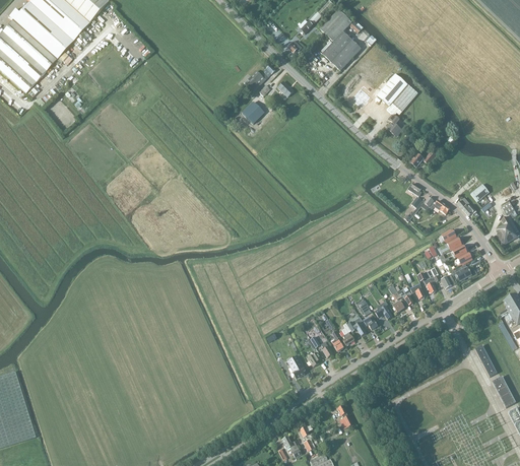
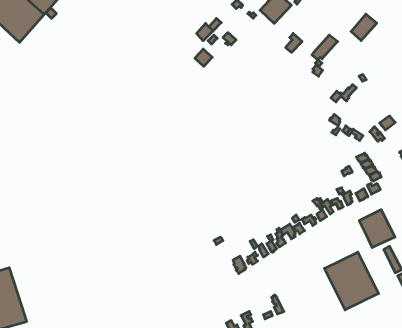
building: [376,73,407,106] -> [351,14,377,41]
building: none -> [359,210,395,248]
building: none -> [324,252,379,310]

